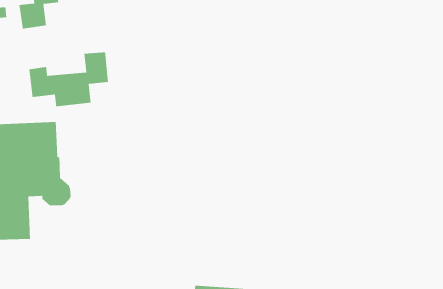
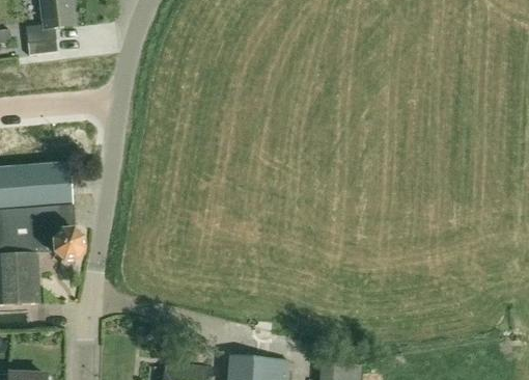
building: [29,52,109,107] -> none

